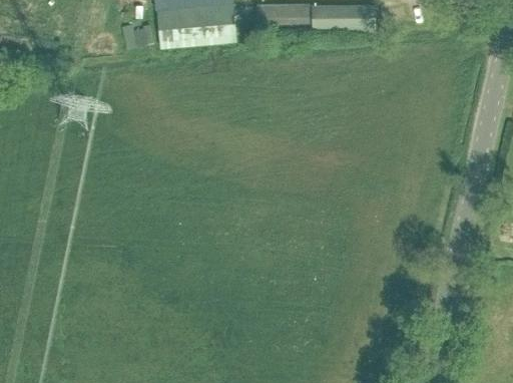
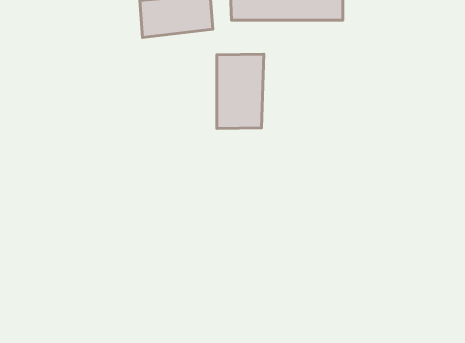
building: none -> [217,54,264,128]

